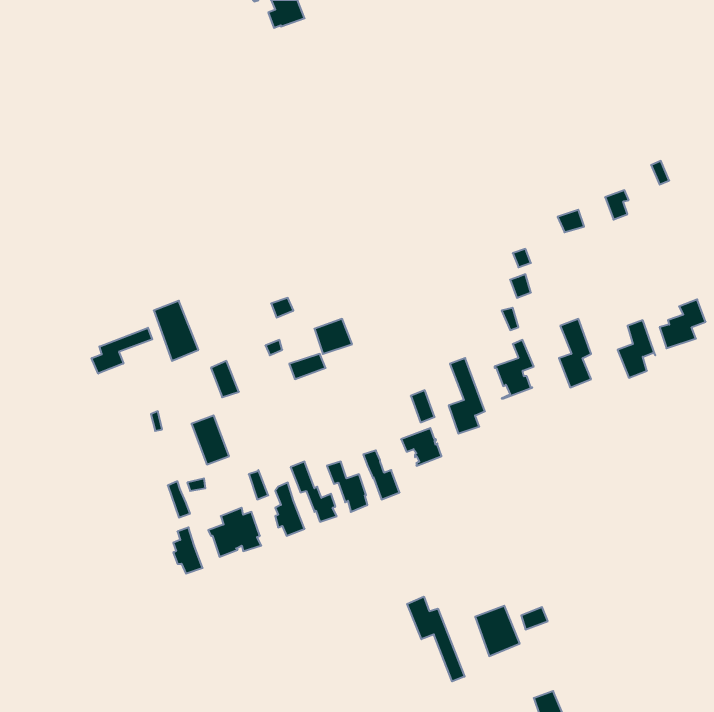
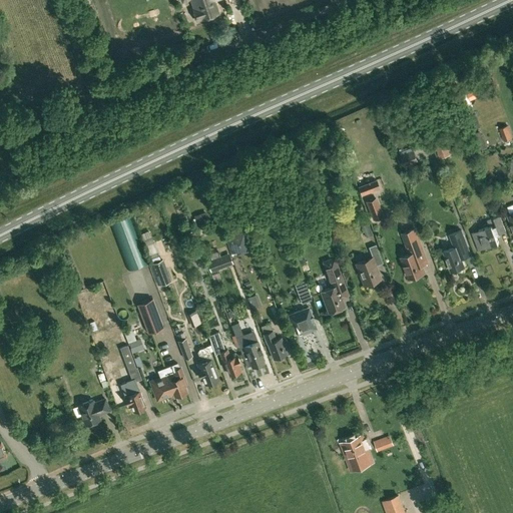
building: [92,328,152,374] -> none
building: none -> [81,401,109,426]
building: [407,597,465,681] -> none

